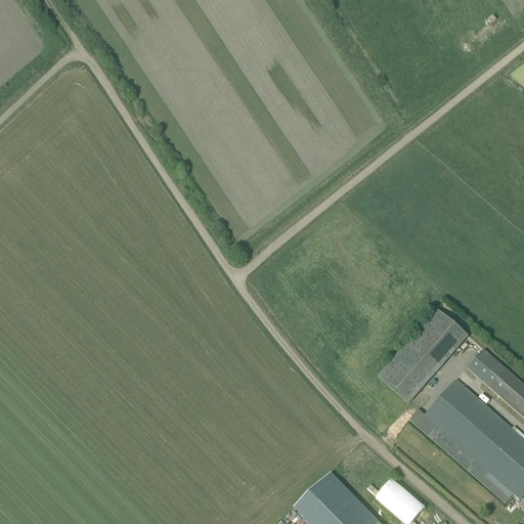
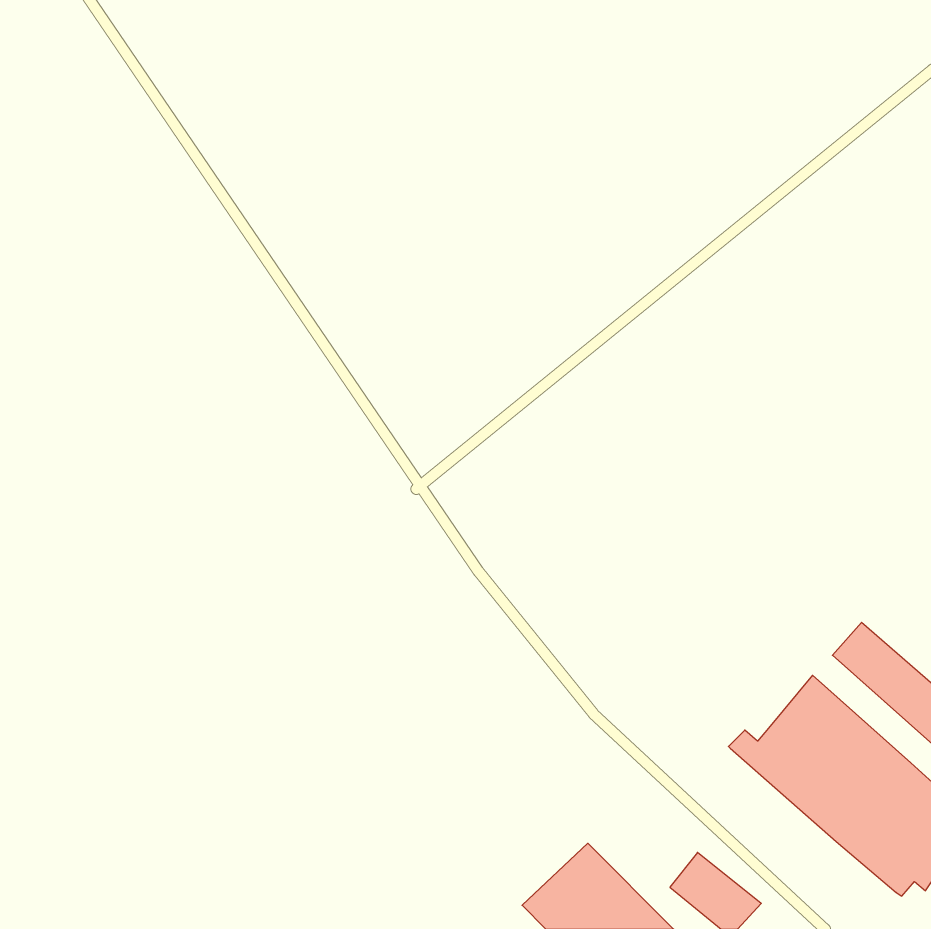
building: [379,308,469,402] -> none

